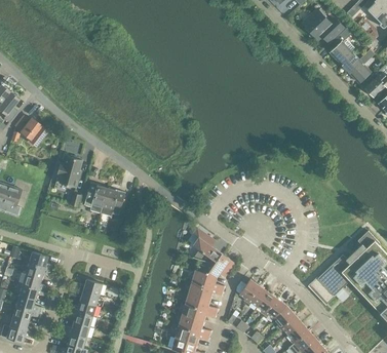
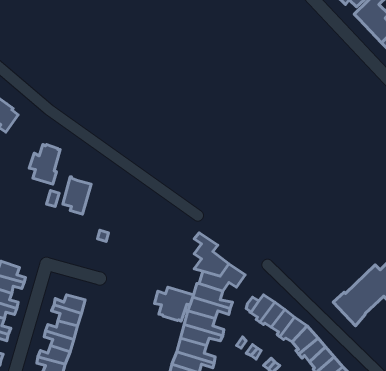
building: [101,189,125,217] -> none
building: none -> [154,287,193,321]

